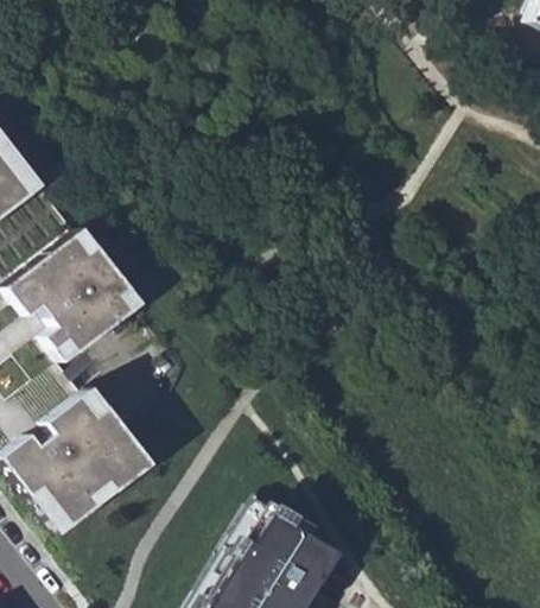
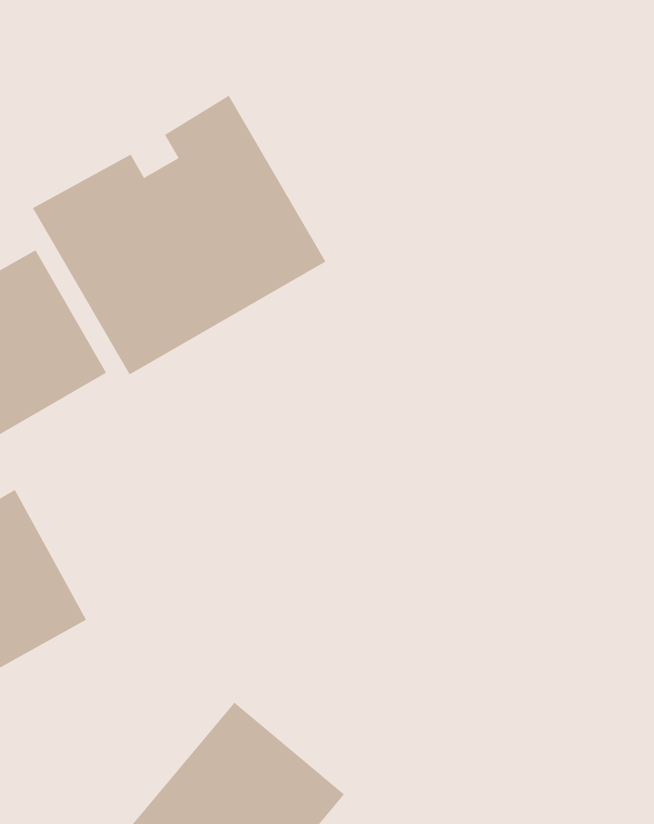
building: none -> [32,95,326,375]

